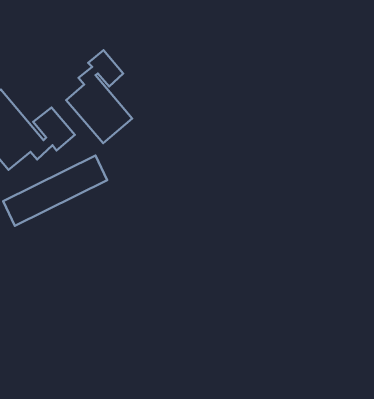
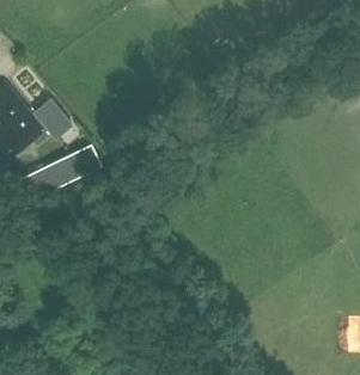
building: [66,50,132,143] -> none

